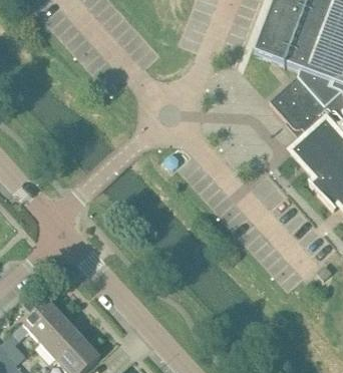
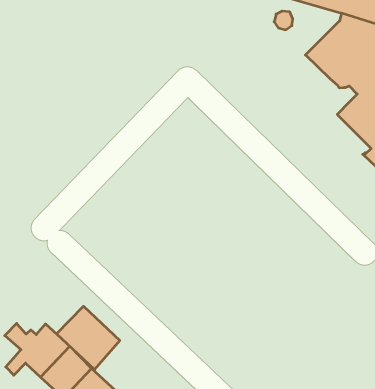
building: none -> [57,306,120,370]

